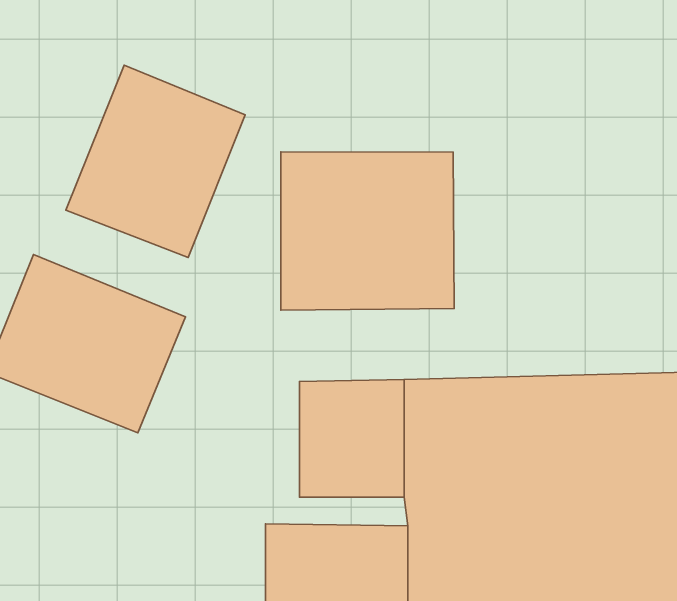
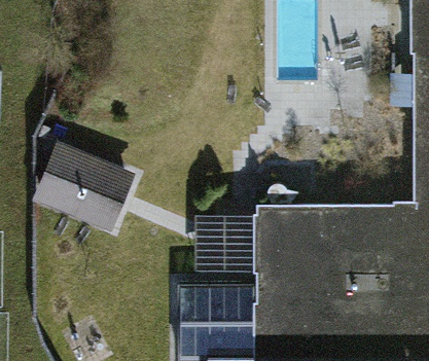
building: [66,65,245,258] -> none
building: [281,152,454,310] -> none

